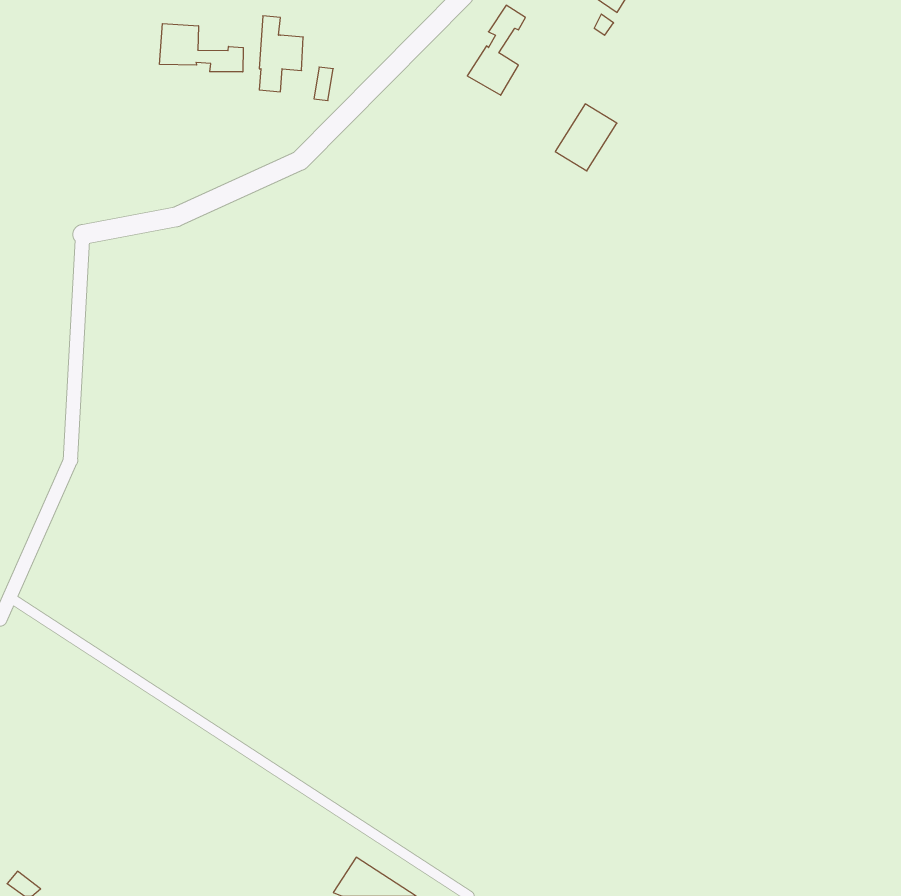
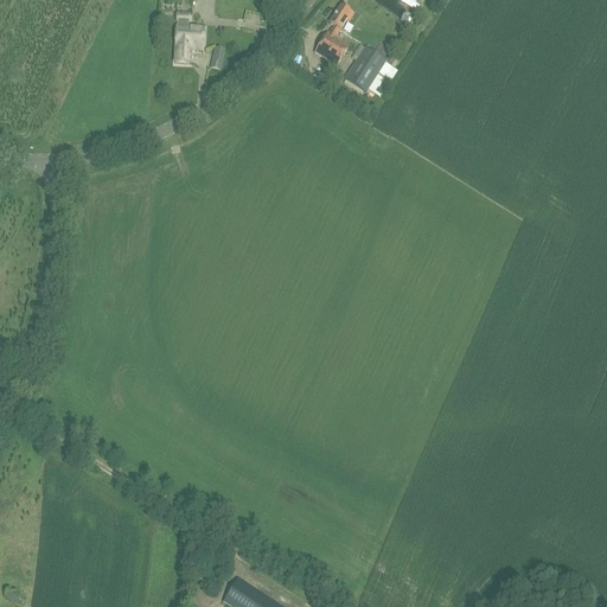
building: [160,24,243,72] -> none
building: [555,104,617,171] -> [345,45,386,90]

